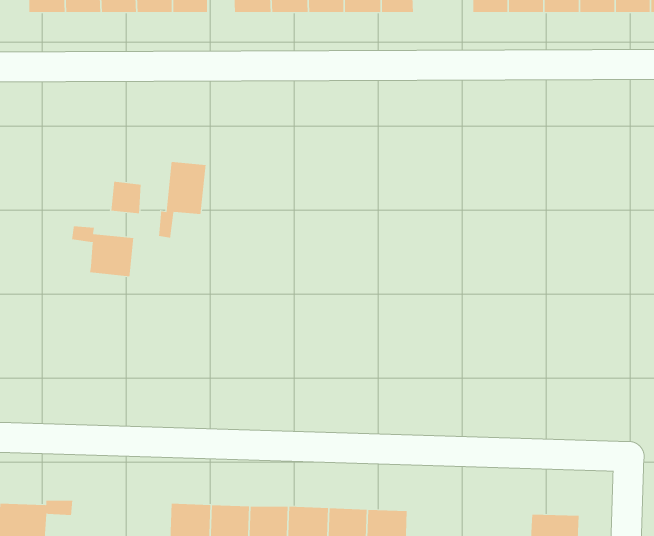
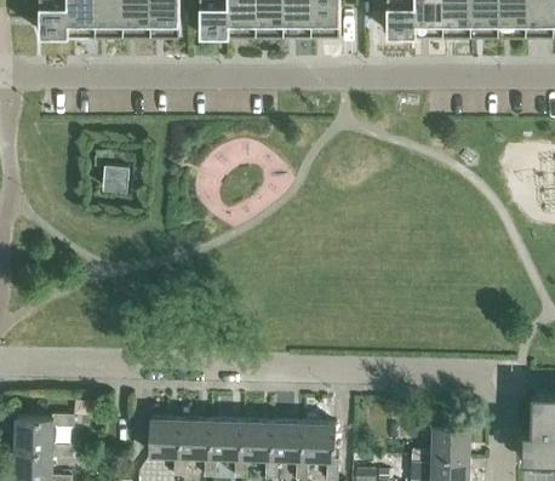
building: [159,161,206,238] -> none
building: [72,226,134,277] -> none

